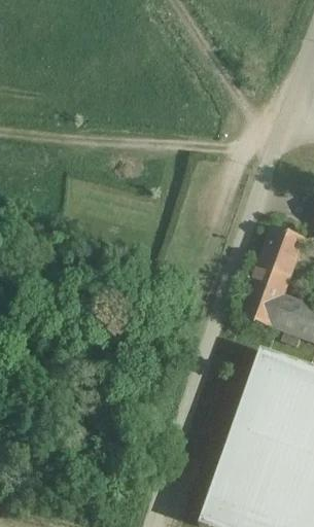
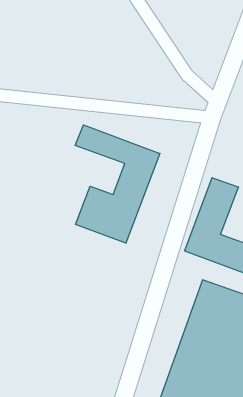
building: none -> [75,125,160,243]

